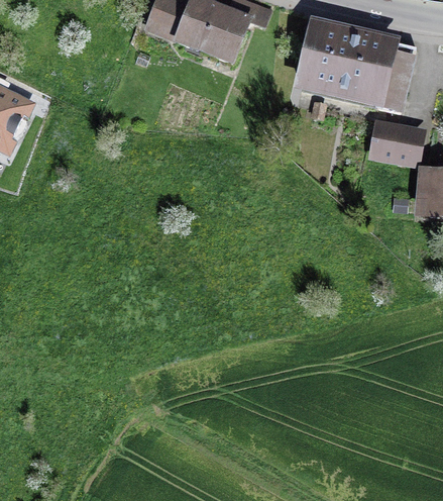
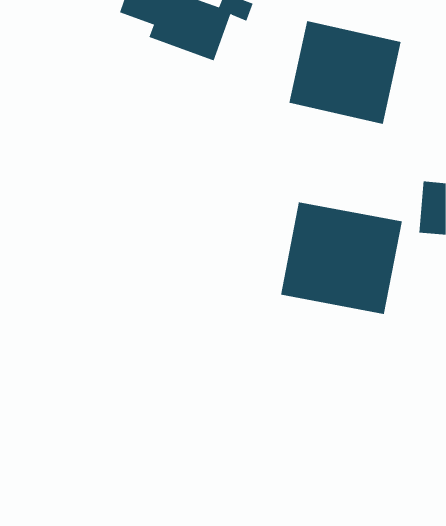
building: [367,121,422,163] -> none
building: none -> [280,201,402,315]

